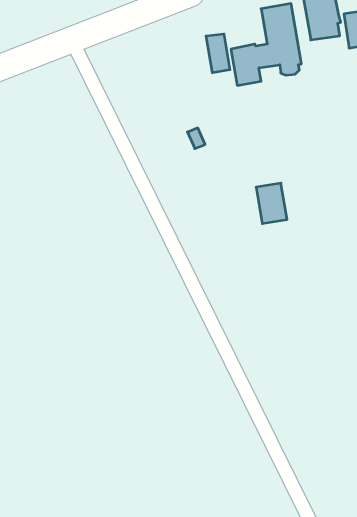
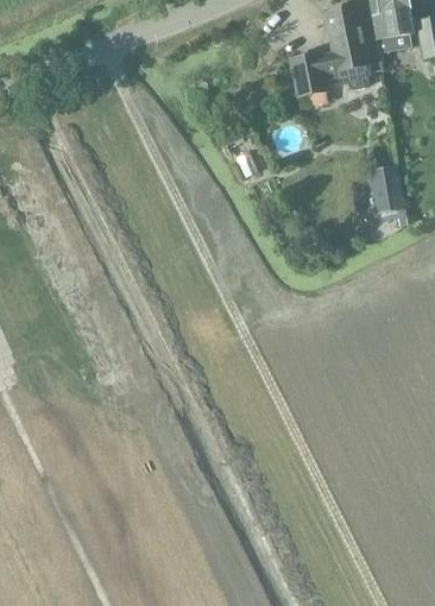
building: [206,34,230,73] -> none
building: [256,183,287,224] -> [368,165,404,212]

